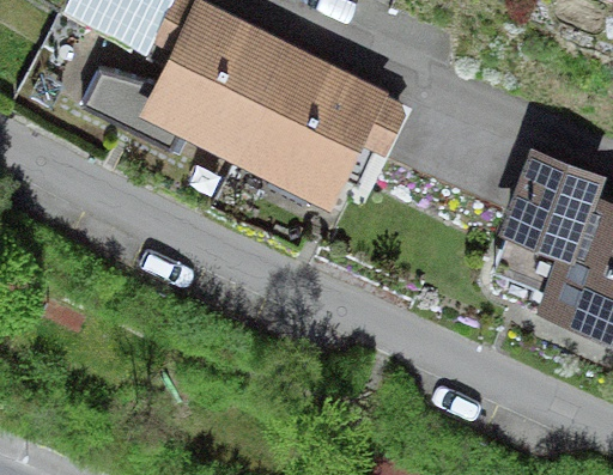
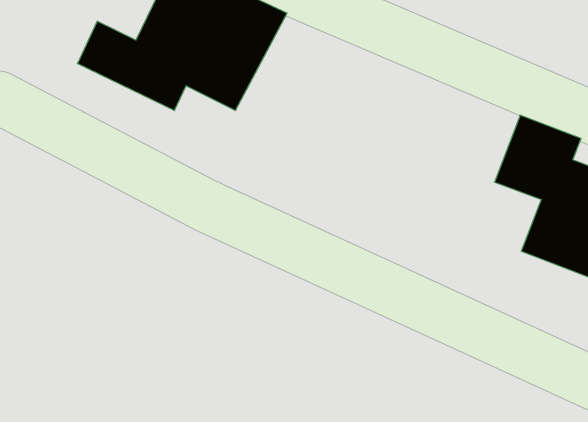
building: [249,54,403,195] -> none

